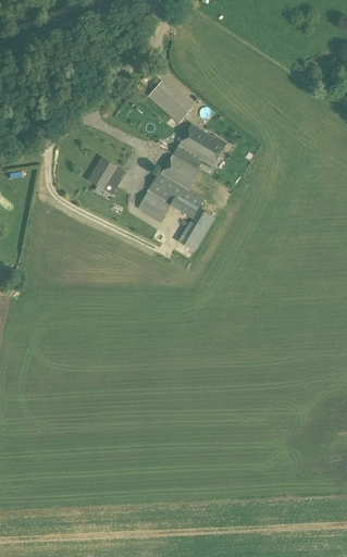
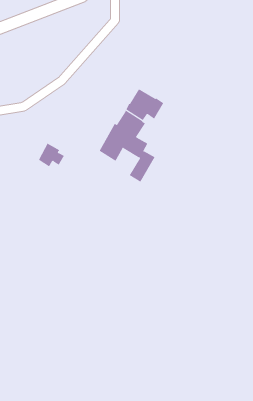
building: [148,81,193,123] -> none
building: [89,157,125,189] -> [38,143,65,167]

